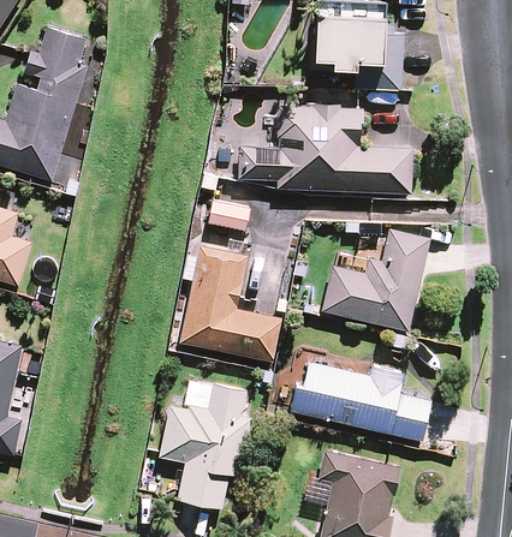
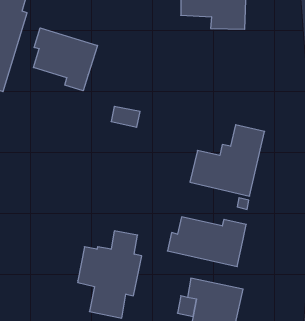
building: none -> [34,28,97,91]
building: [239,107,412,193] -> none
building: [180,246,281,360] -> none
building: [391,394,430,441] -> none

